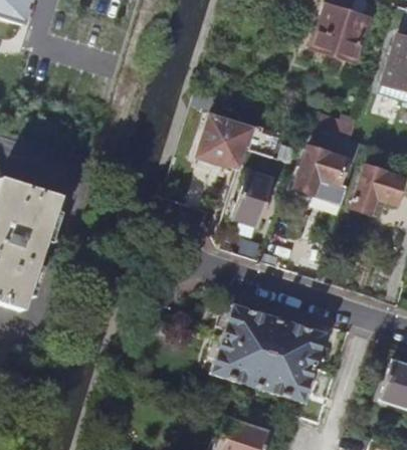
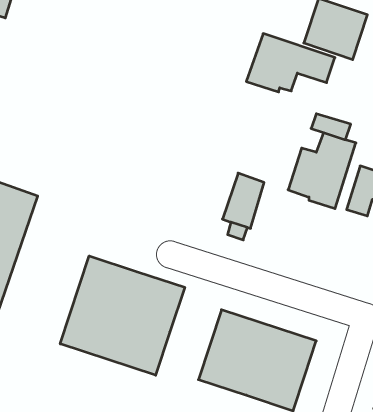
building: [198,111,283,168] -> [246,34,335,92]
building: none -> [60,256,185,375]

